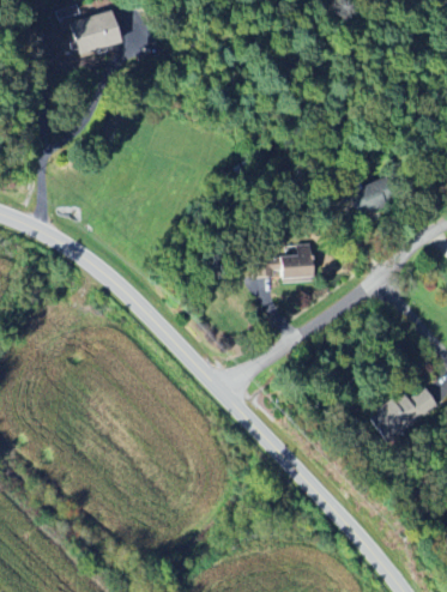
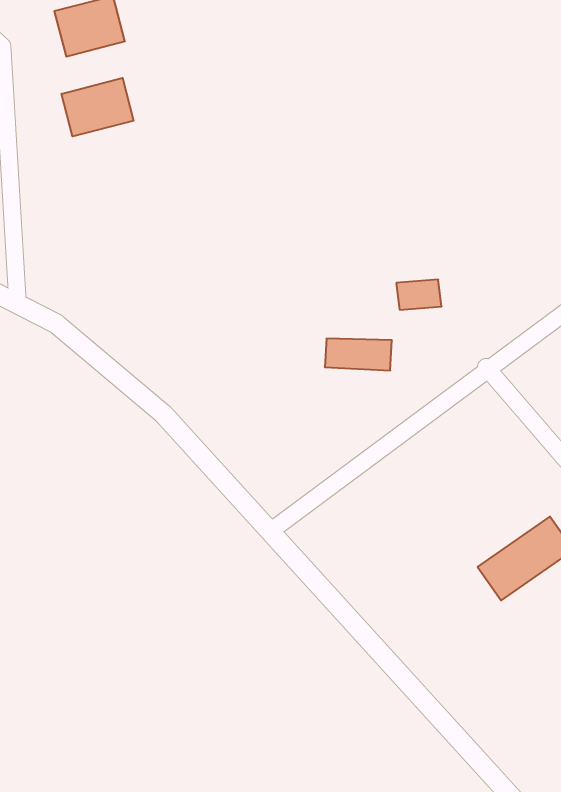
building: none -> [62,78,133,136]
building: [354,187,386,209] -> [396,280,442,310]

